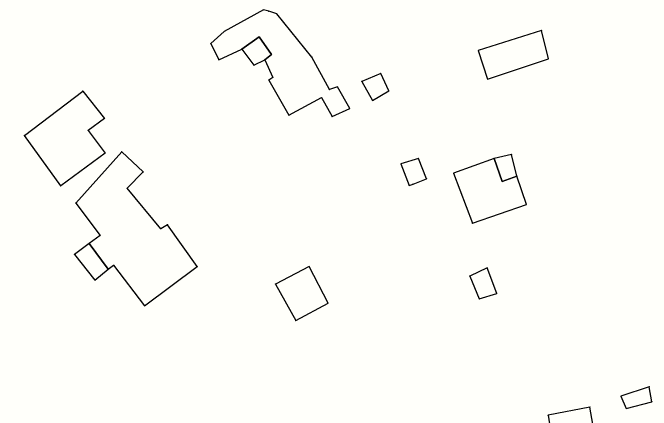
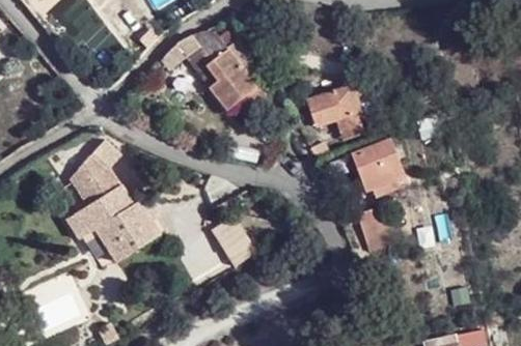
building: [478,30,548,79] -> [311,90,365,127]
building: [24,91,105,186] -> none

